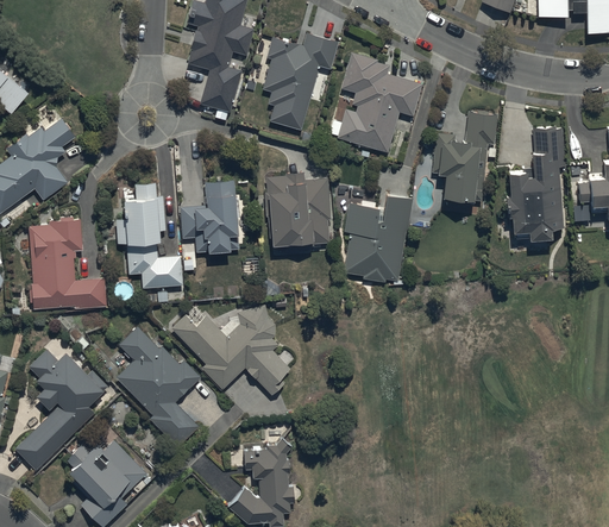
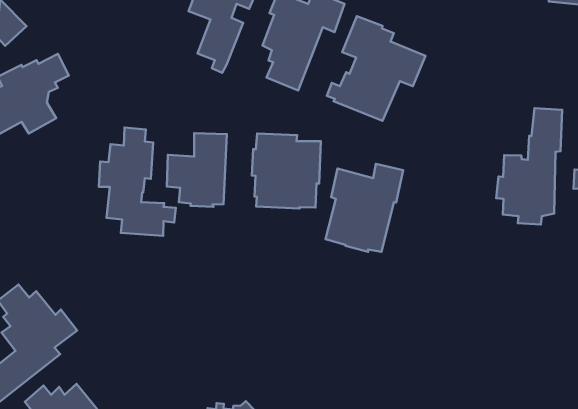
building: [434,109,498,205] -> none
building: [30,218,107,308] -> none
building: [171,306,293,397] -> none
building: [118,327,202,447] -> none

